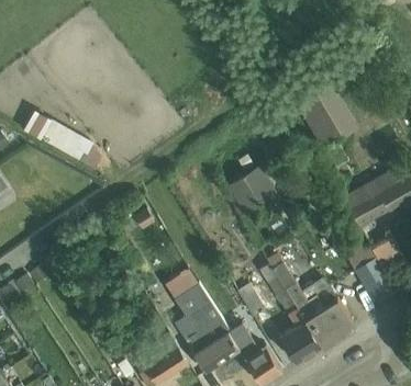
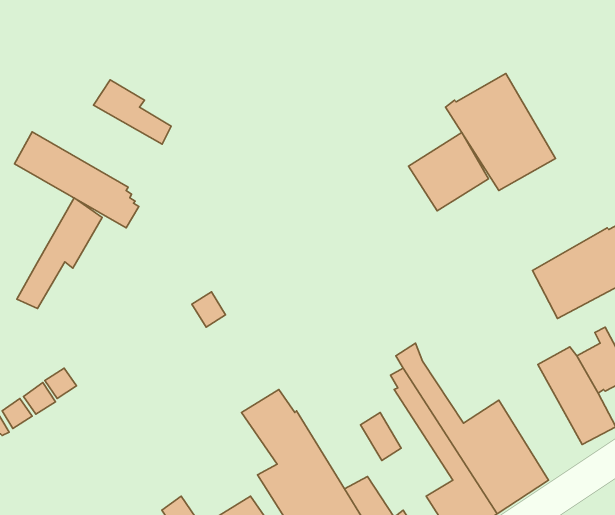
building: none -> [94,80,171,144]
building: none -> [17,198,102,309]
building: [227,167,277,215] -> [409,133,488,211]

